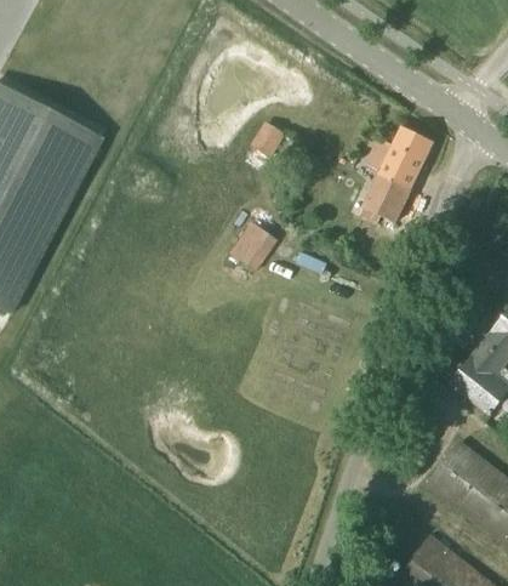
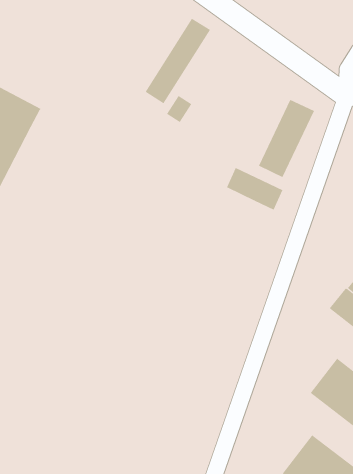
building: none -> [145,18,211,104]
building: none -> [226,167,283,210]
building: [229,218,276,267] -> none

